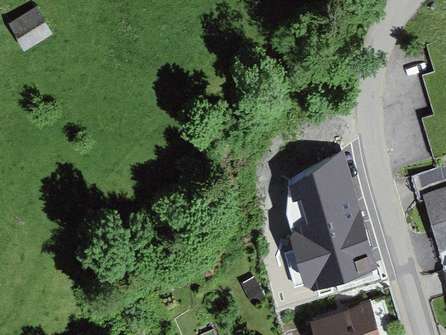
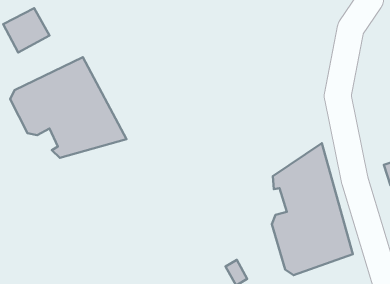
building: none -> [10,57,126,158]

